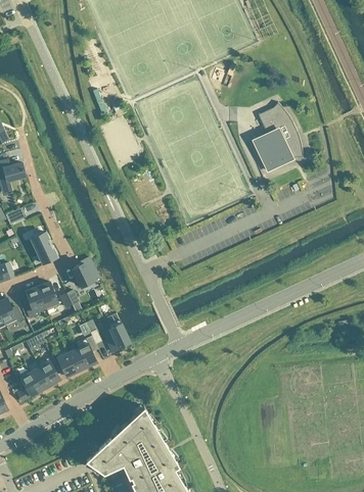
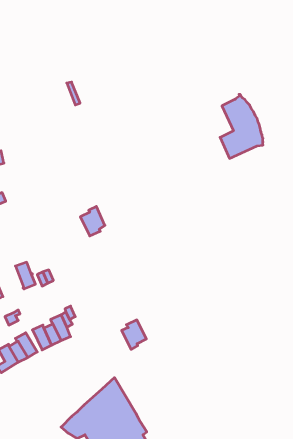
building: [31,233,56,263] -> none
building: [72,257,98,289] -> [80,206,105,236]
building: [25,287,46,318] -> none
building: [102,321,129,352] -> [122,320,146,349]

